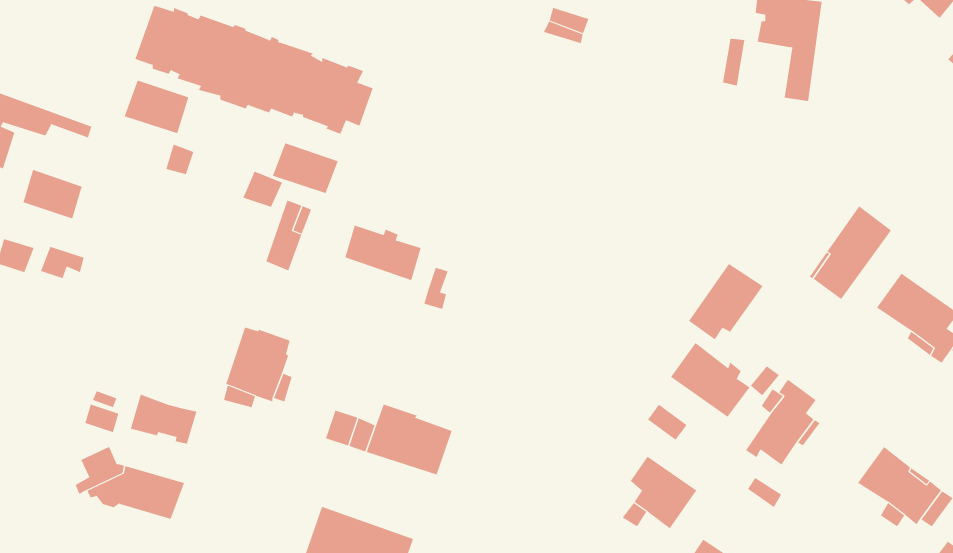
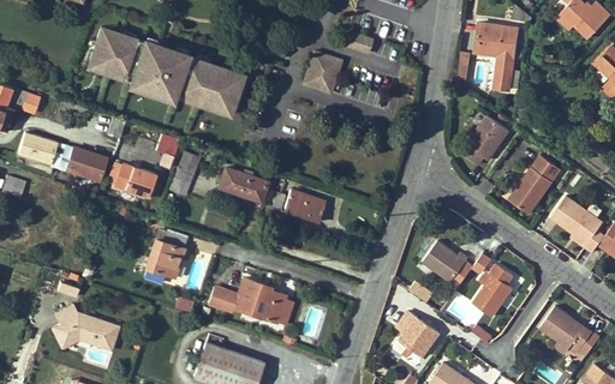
building: none -> [301,52,340,92]
building: [124,80,189,134] -> [66,146,107,180]
building: [272,142,338,194] -> none
building: none -> [115,163,156,196]
building: none -> [285,188,327,222]
building: [688,263,763,340] -> [462,118,509,166]
building: [130,394,197,445] -> none

